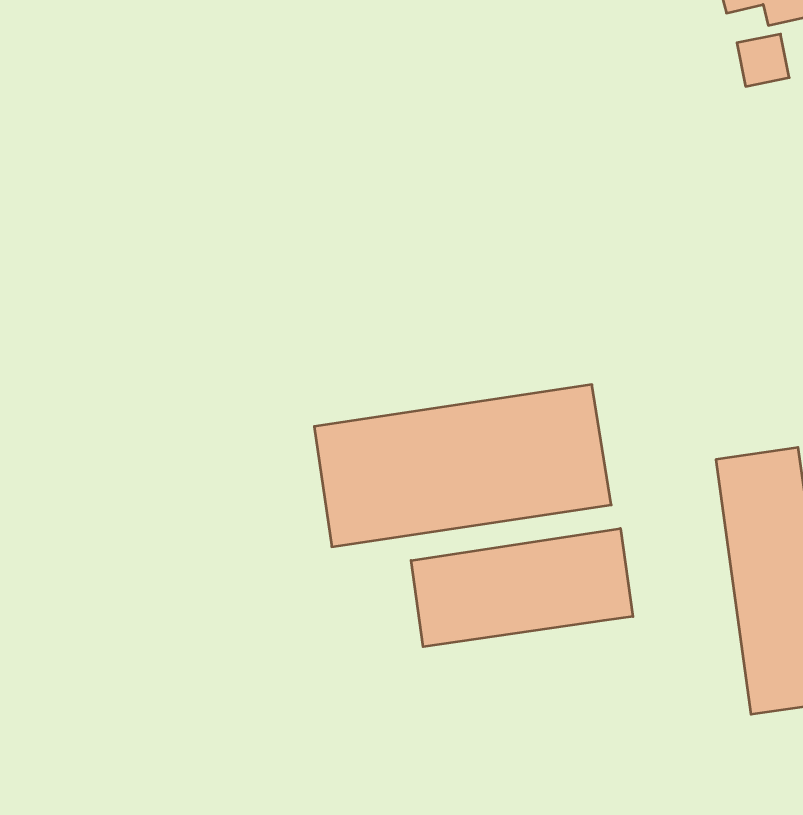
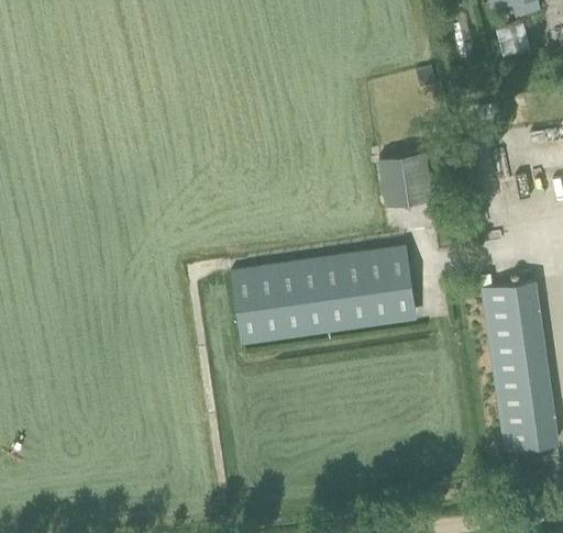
building: none -> [378,152,429,204]
building: [411,528,633,647] -> none

